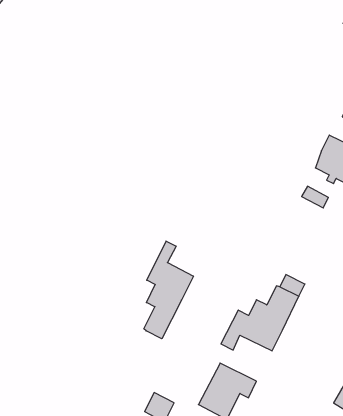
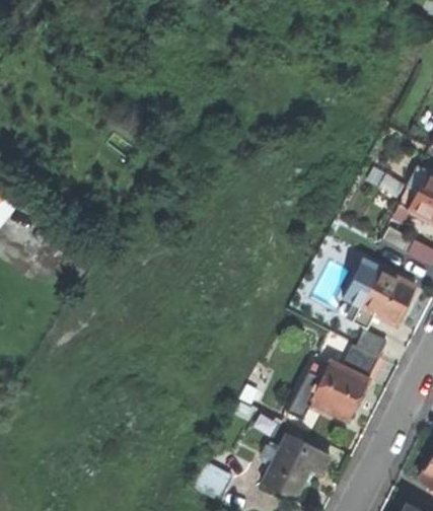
building: none -> [350,268,415,326]
building: [144,241,193,339] -> none

